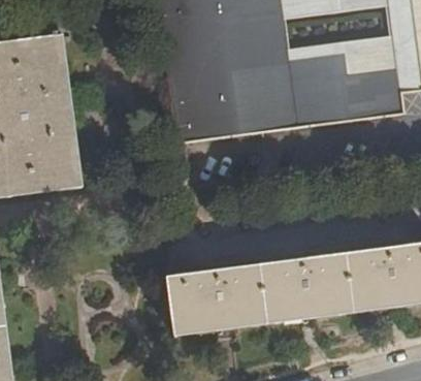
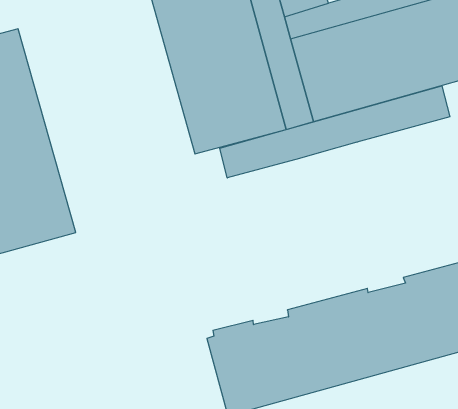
building: none -> [220,86,450,178]

